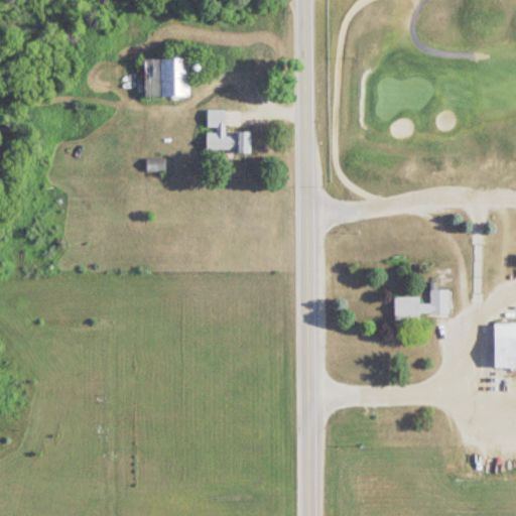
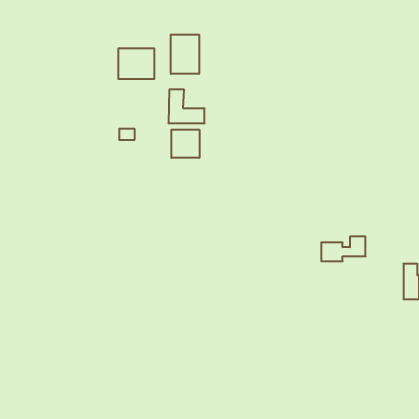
building: none -> [171,35,199,74]
building: none -> [171,130,199,158]

